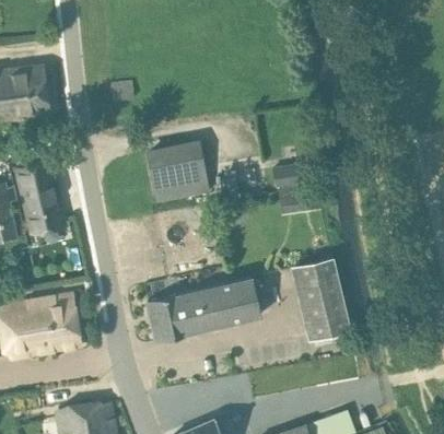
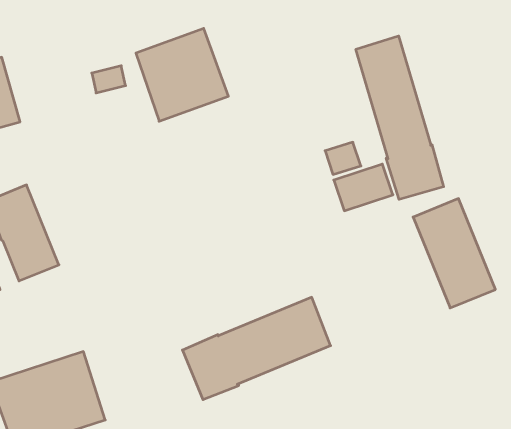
building: none -> [356,36,444,199]
building: [145,139,210,203] -> [136,28,228,121]
building: [294,258,348,339] -> [413,199,495,308]

